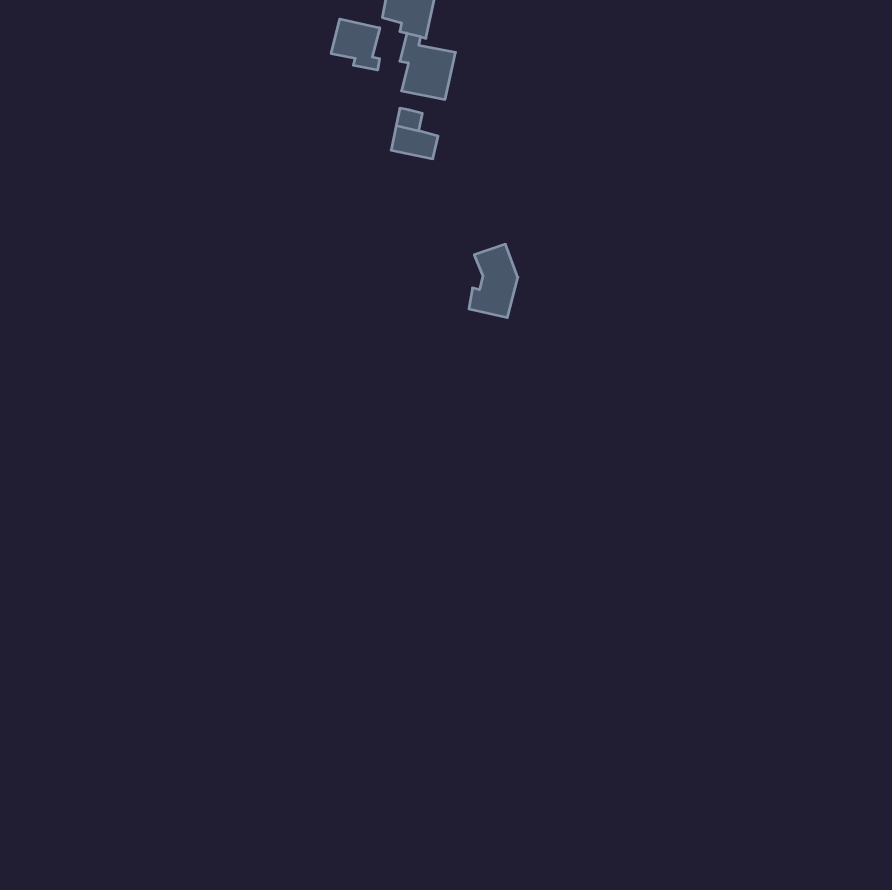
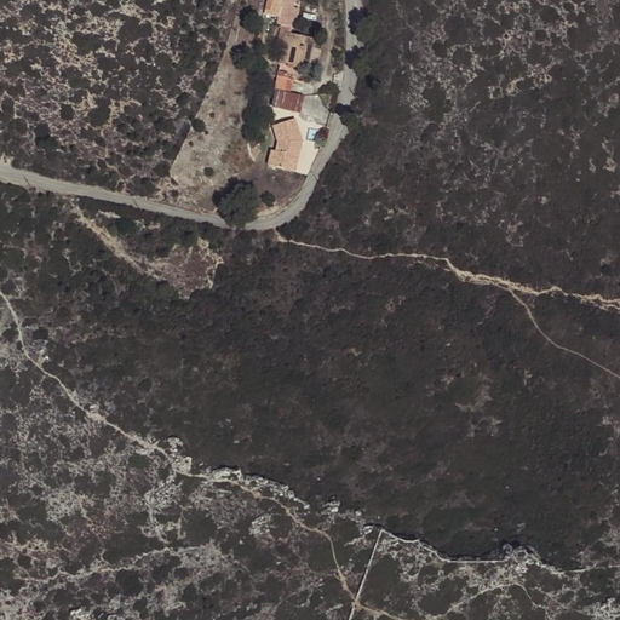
building: [331,19,380,70] -> none
building: [469,244,518,318] -> [269,117,303,168]

